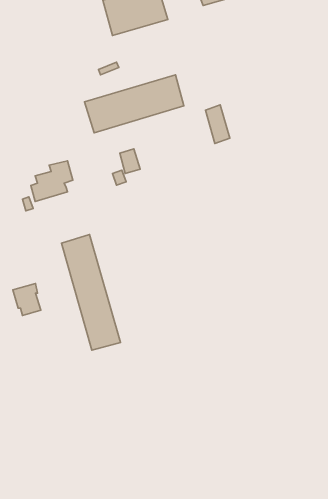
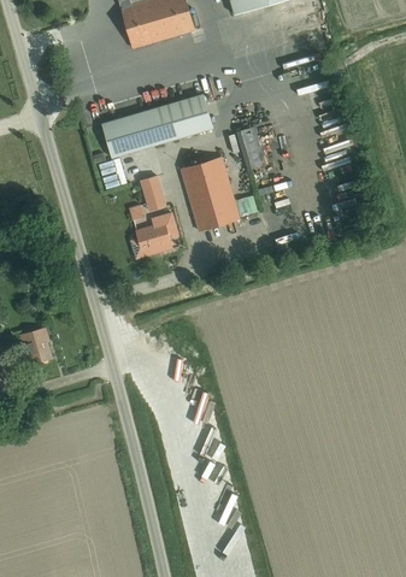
building: none -> [180,157,239,231]
building: [31,161,73,201] -> [130,213,177,259]
building: [62,235,120,350] -> none

